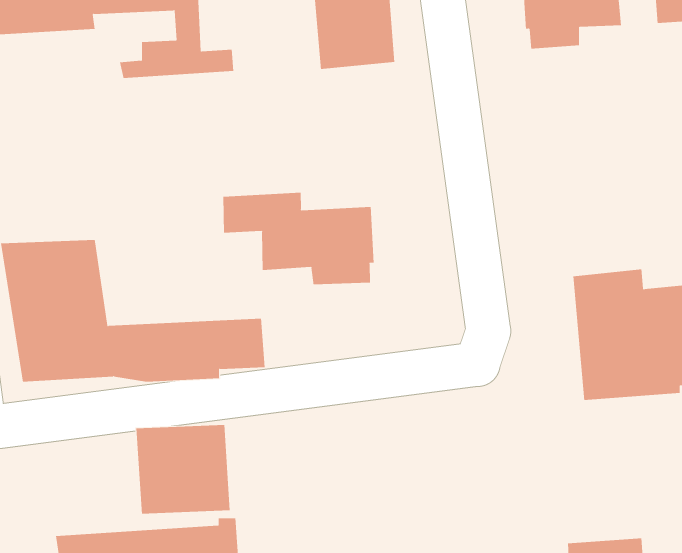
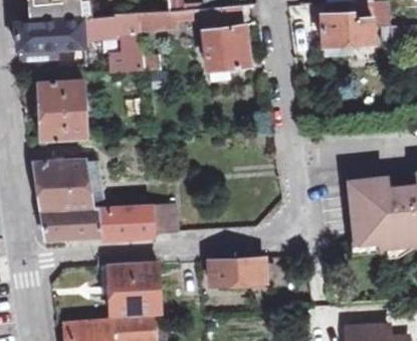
building: none -> [41,80,87,142]
building: [223,192,374,285] -> none
building: none -> [208,257,266,285]

